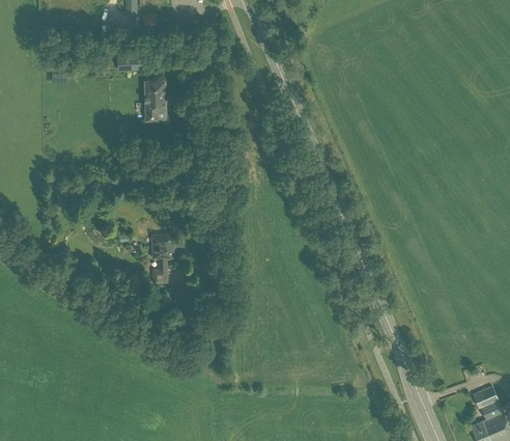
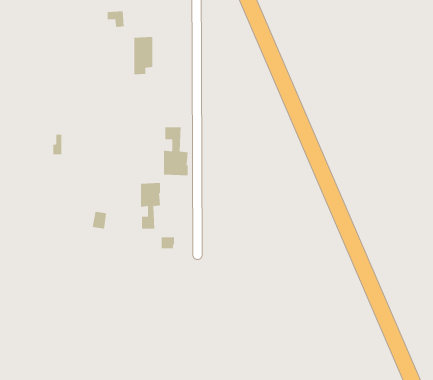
building: none -> [164,126,188,176]

